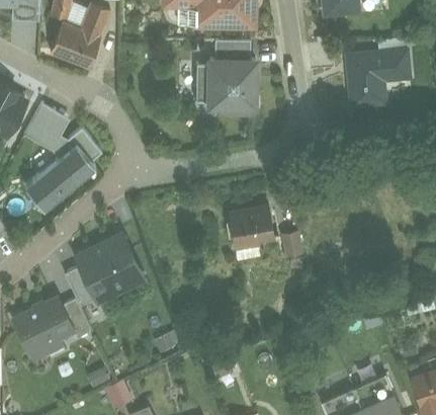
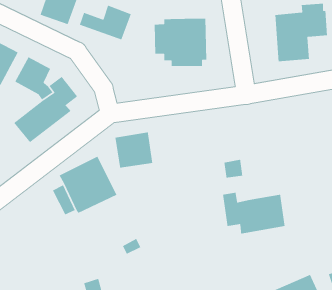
building: [213,42,250,59] -> none
building: none -> [79,5,132,40]
building: [229,203,276,249] -> [115,132,153,168]
building: none -> [222,192,285,234]
building: [15,294,79,357] -> none

